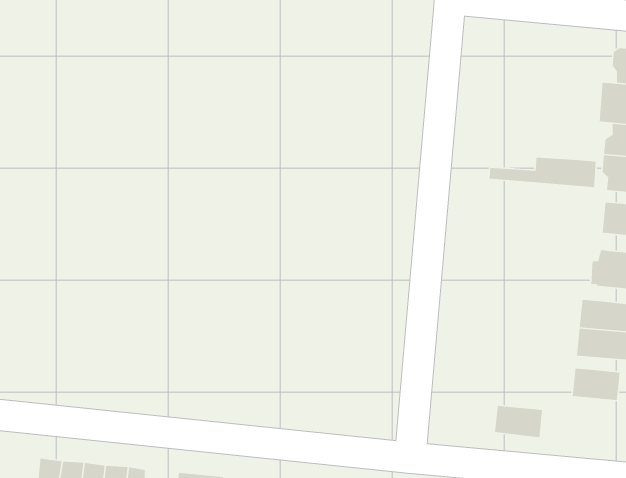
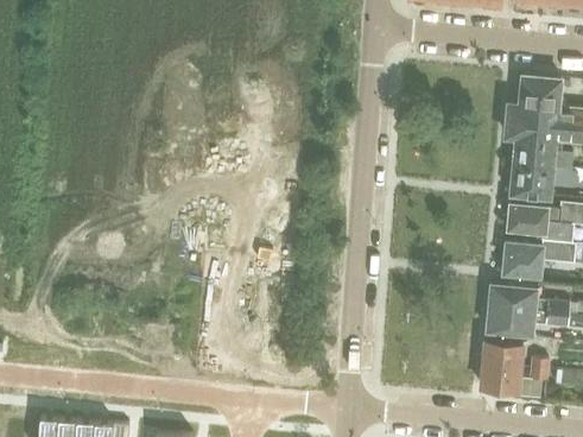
building: [489,157,597,188] -> none
building: [494,405,543,438] -> [481,365,521,392]

